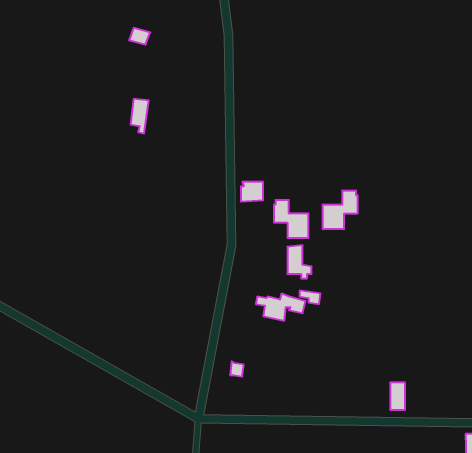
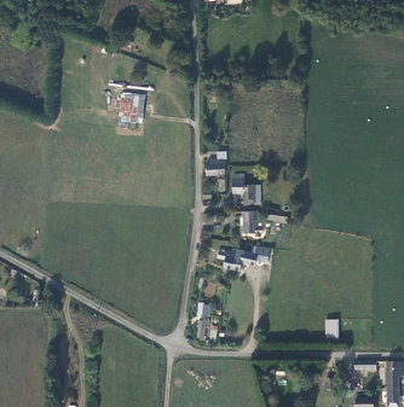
building: [323,190,357,229] -> none

